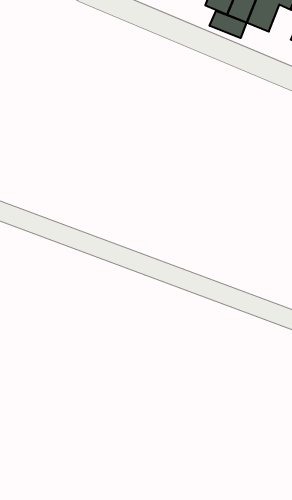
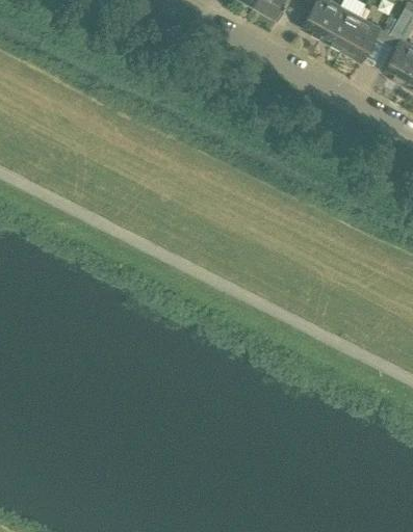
building: [210,11,246,38] -> none

